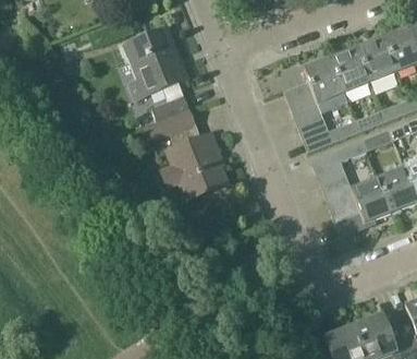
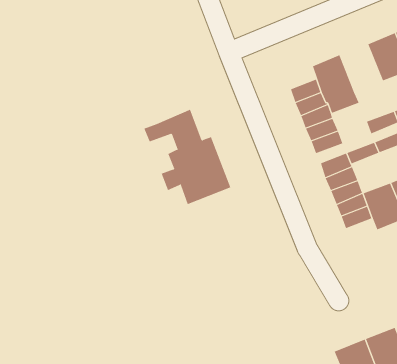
building: [123,28,189,122] -> none
building: [330,47,370,93] -> none

